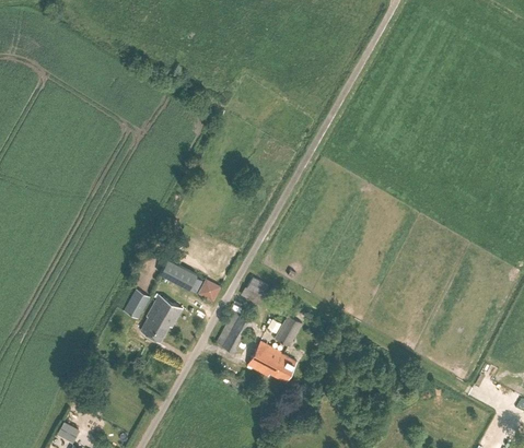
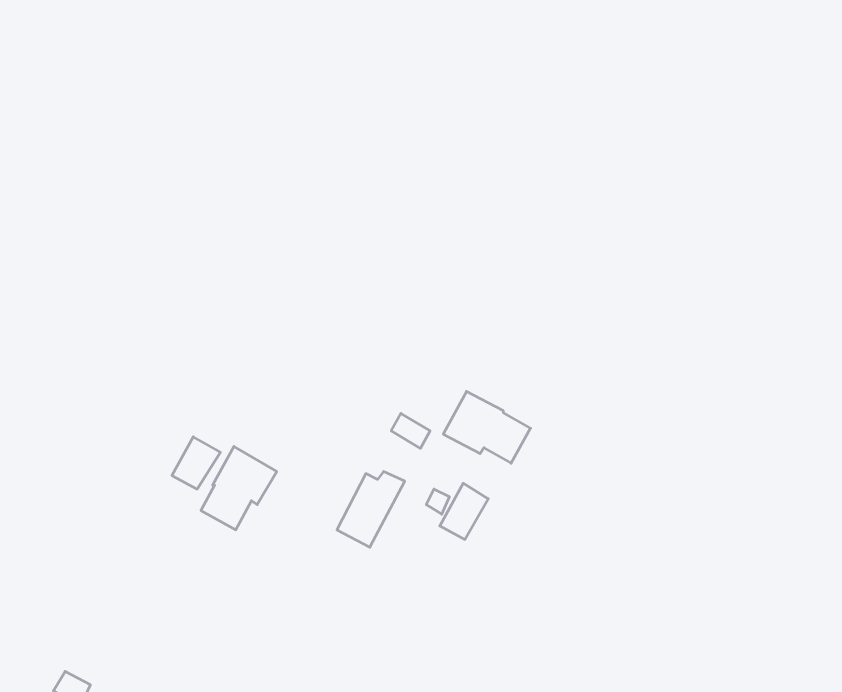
building: [160,260,202,295] -> none
building: [247,342,296,382] -> [443,391,531,463]

